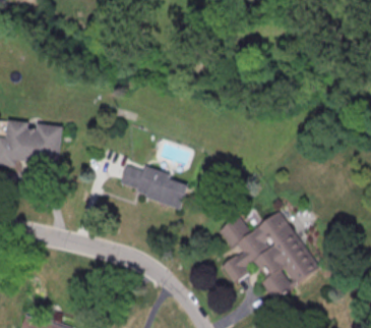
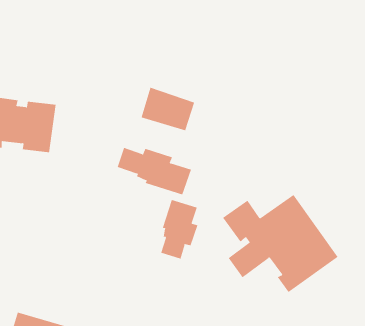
building: none -> [141,87,195,131]
building: none -> [161,199,198,260]

